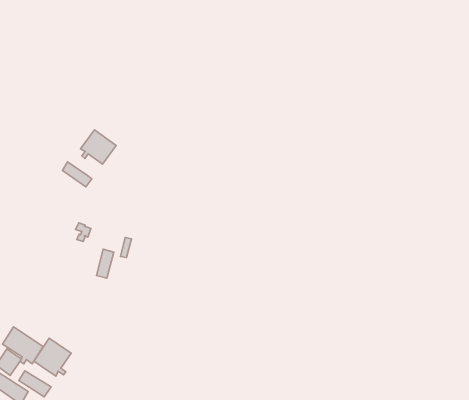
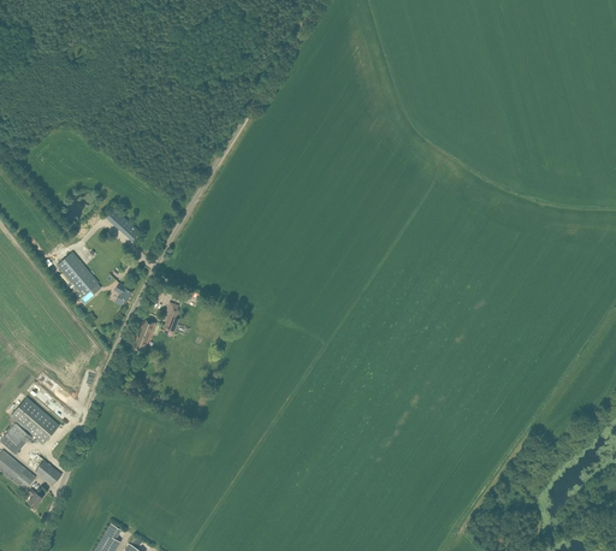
building: [81,130,116,164] -> none
building: none -> [57,251,99,296]
building: [34,338,71,376] -> none

